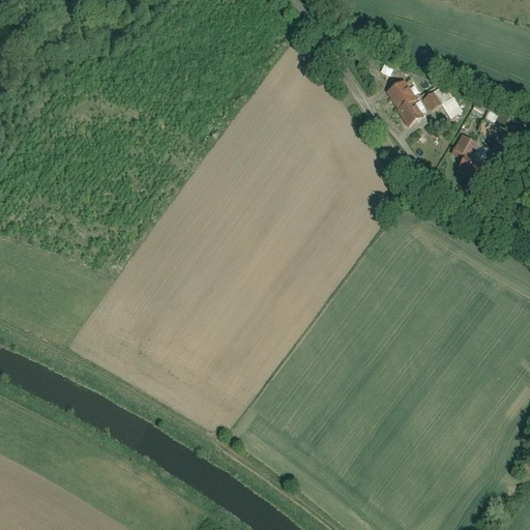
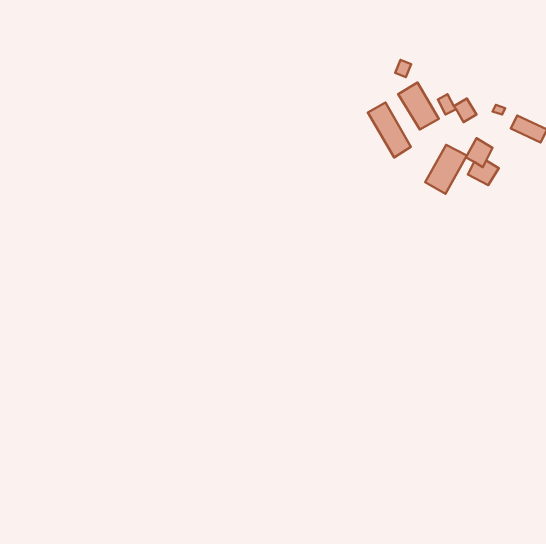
building: none -> [368,103,411,157]
building: none -> [425,145,467,194]

